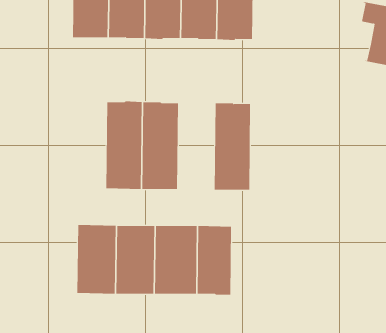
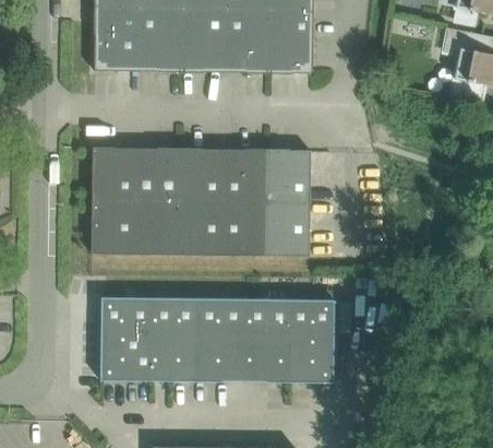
building: none -> [91,146,135,252]
building: none -> [221,148,266,255]
building: none -> [286,298,334,381]

